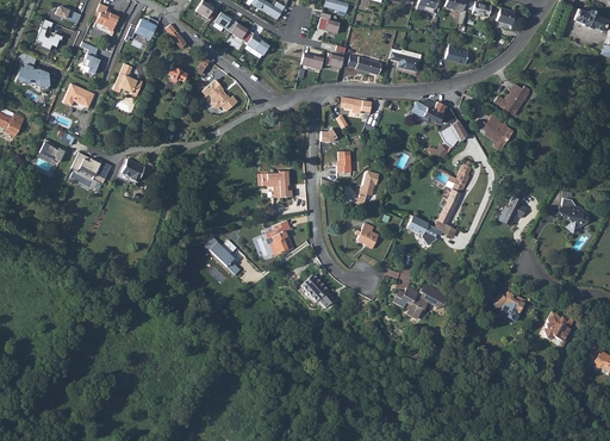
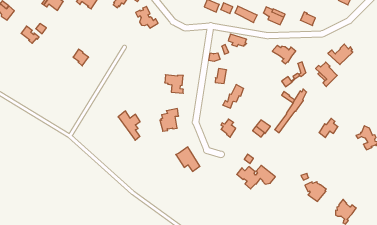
building: [70,153,111,184] -> none

